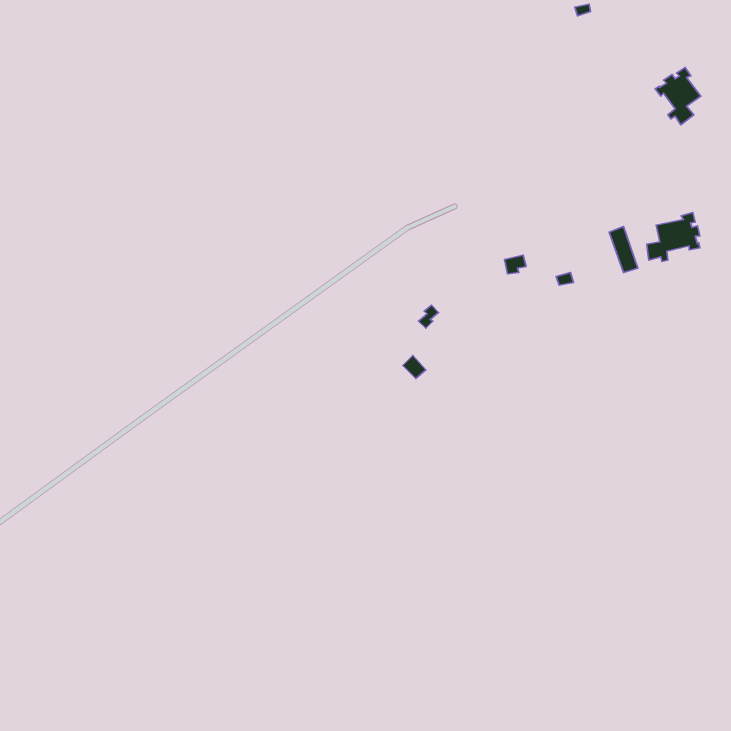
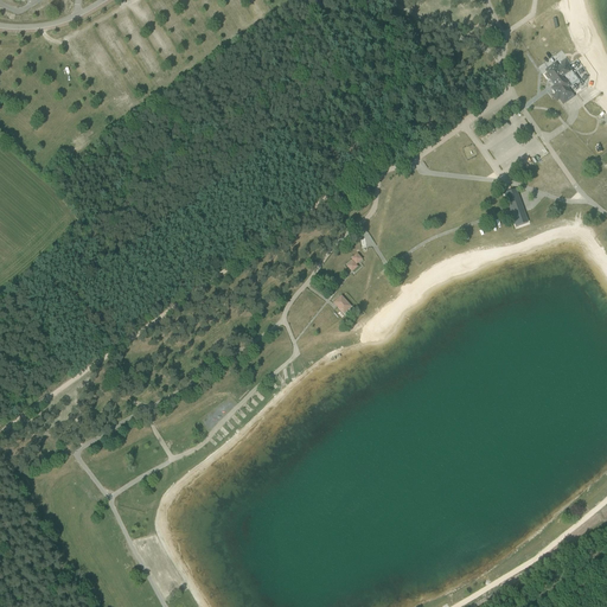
building: [647,212,700,262] -> none

